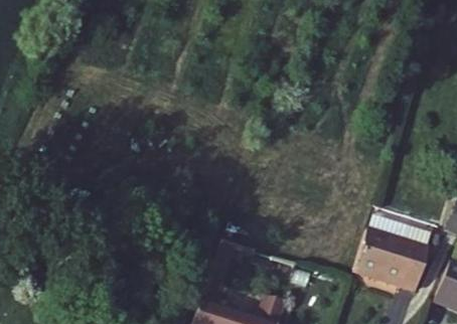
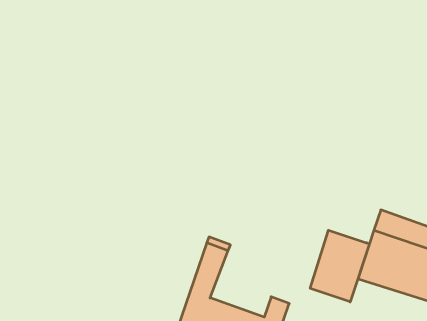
building: none -> [310,230,370,302]

